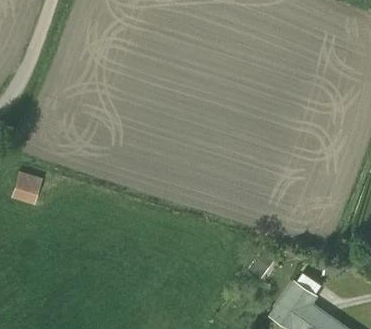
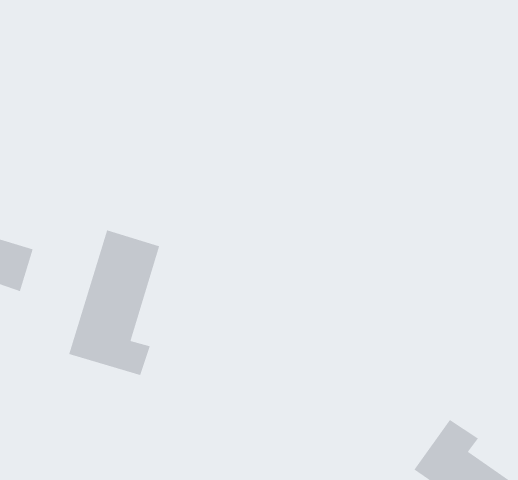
building: none -> [68,230,160,376]

